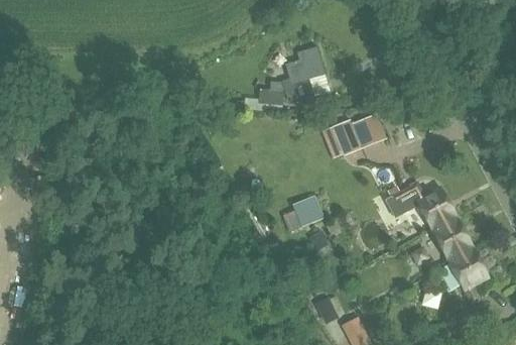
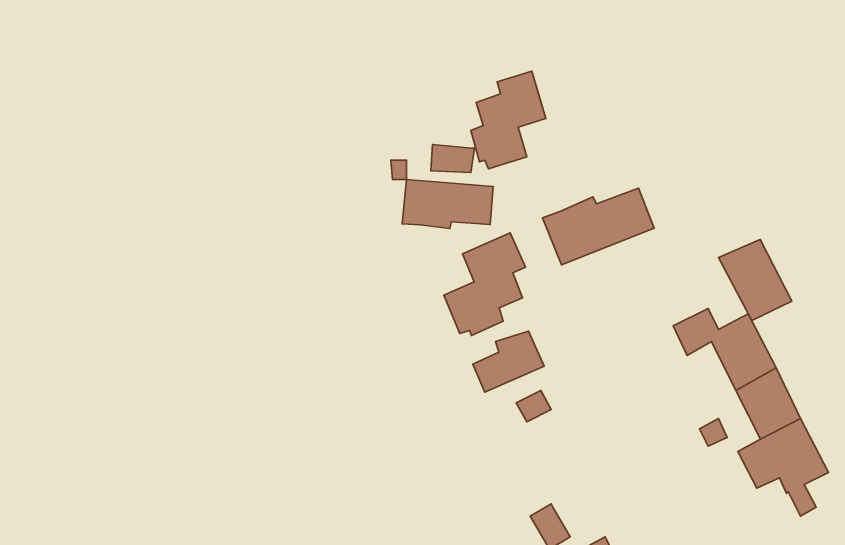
building: none -> [402,179,493,229]
building: none -> [444,233,525,336]
building: none -> [719,240,792,321]

